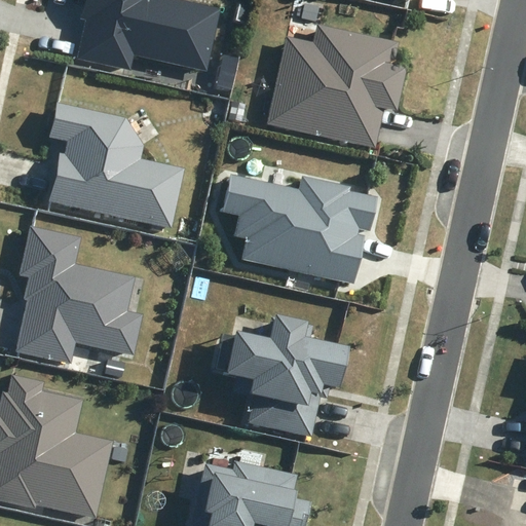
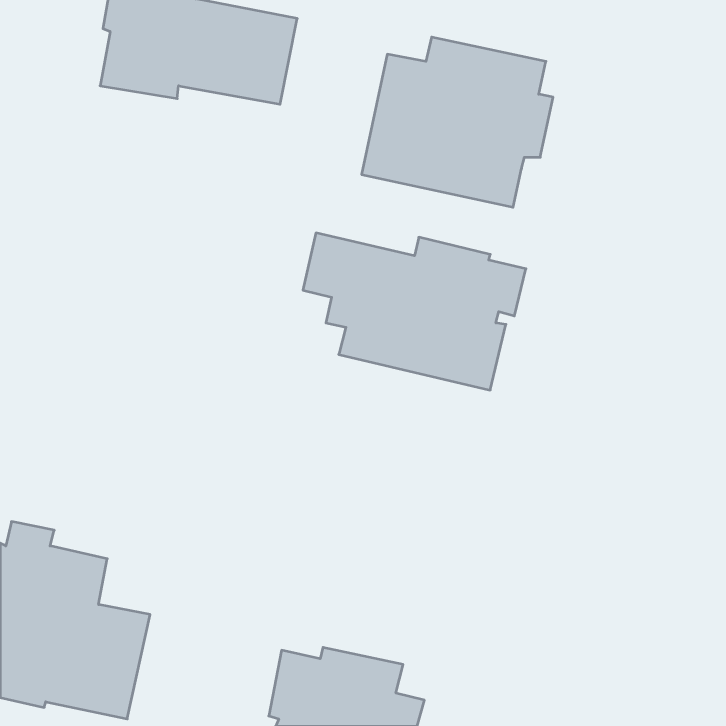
building: [46,104,183,230] -> none
building: [14,228,142,365] -> none
building: [233,313,352,435] -> none

